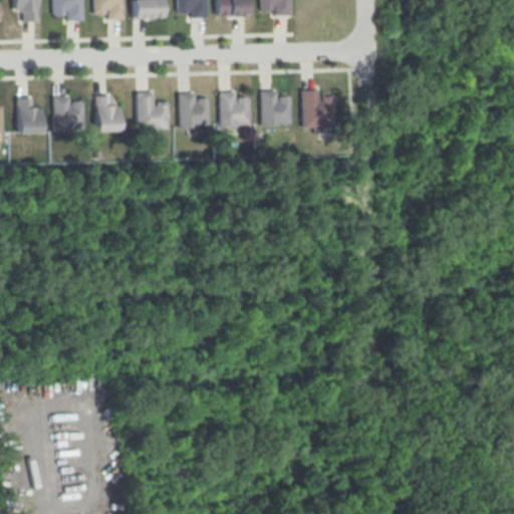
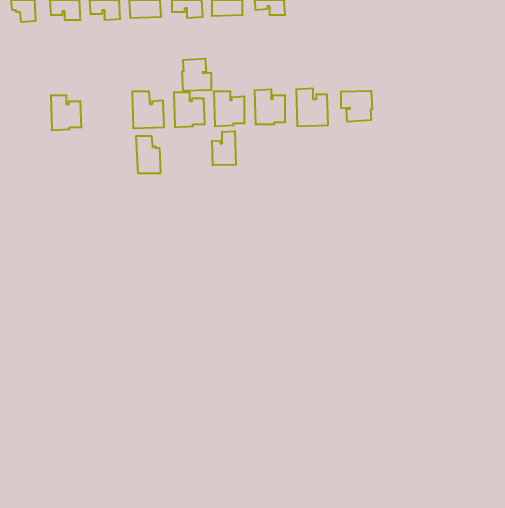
building: none -> [182,58,211,91]
building: none -> [341,91,372,122]
building: [95,94,120,132] -> [136,136,161,173]
building: [18,96,43,135] -> none
building: none -> [212,131,236,165]

